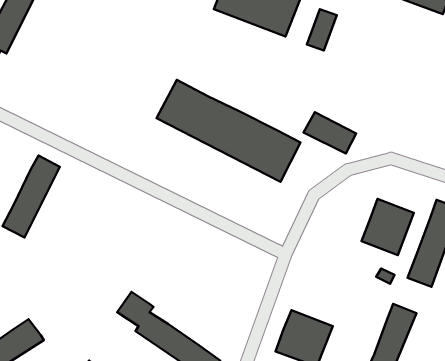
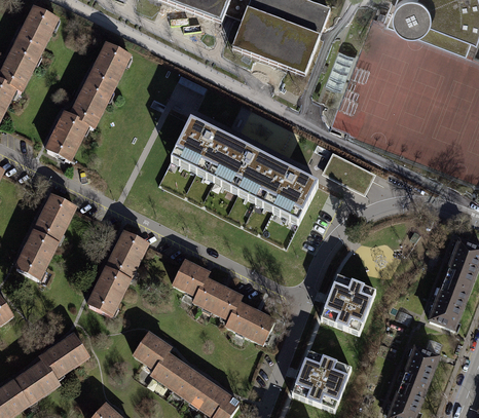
building: none -> [46,44,128,160]
building: none -> [87,231,147,315]
building: [362,199,414,255] -> [324,275,377,333]
building: none -> [173,261,274,343]
building: none -> [40,335,87,378]

